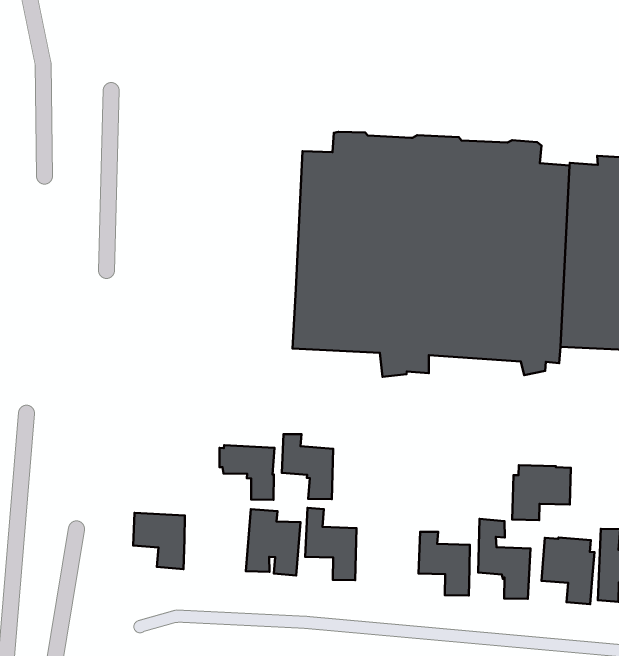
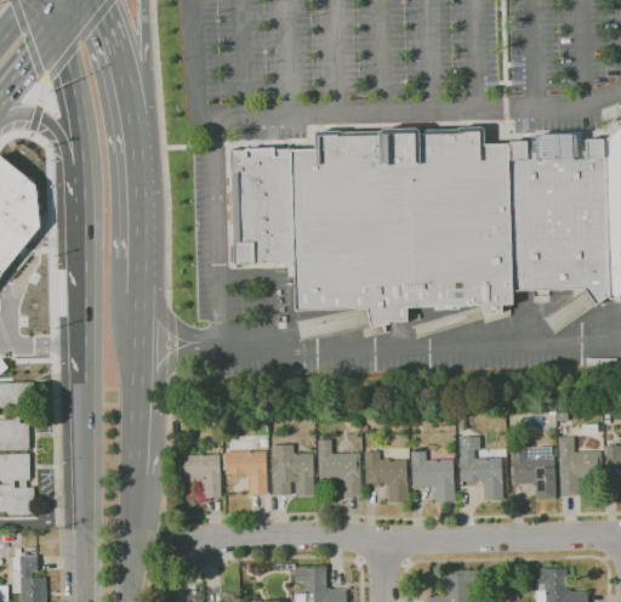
building: none -> [229,147,294,265]
building: [282,434,333,499] -> [364,450,408,502]
building: [219,445,275,500] -> [221,450,268,494]
building: [512,465,571,520] -> none

